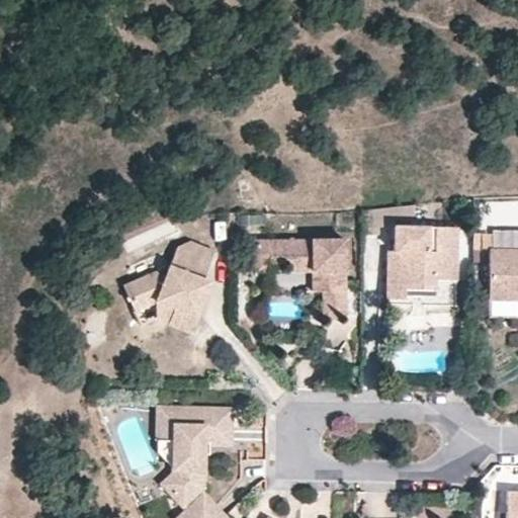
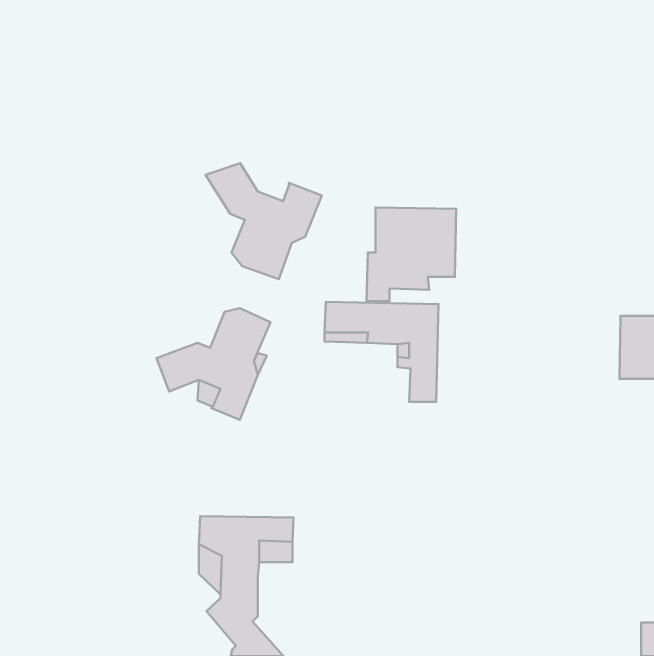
building: none -> [205,163,322,279]
building: [387,226,458,299] -> [366,208,456,301]

